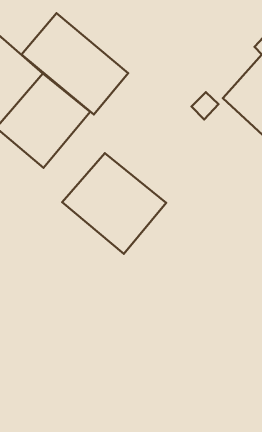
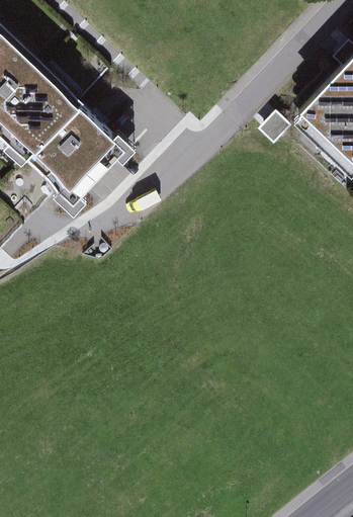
building: [21,13,128,115] -> none
building: [62,153,166,254] -> none

